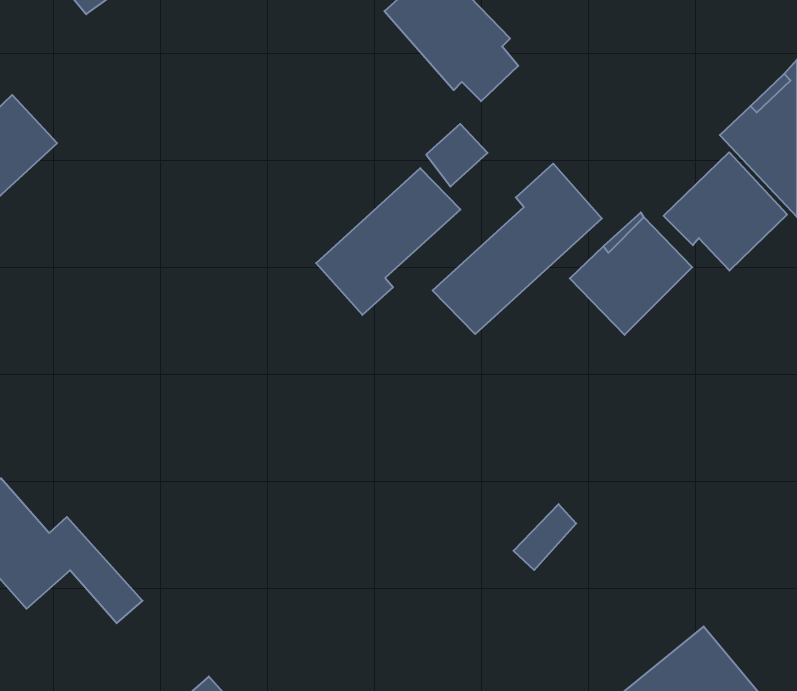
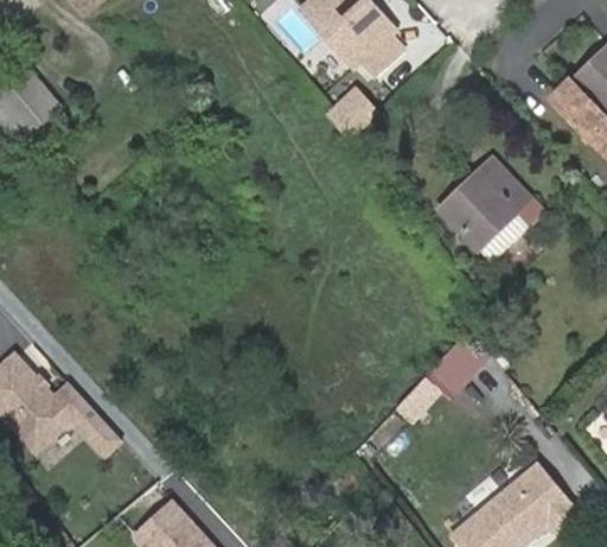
building: [664,152,787,271] -> none
building: [433,164,602,334] -> none
building: [316,168,460,315] -> none

